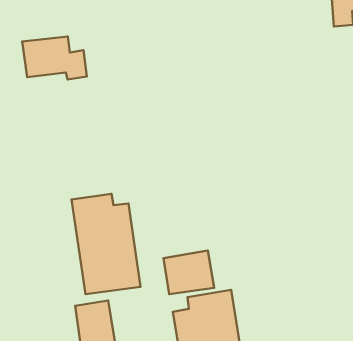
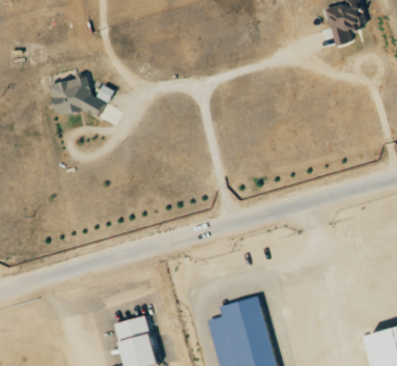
building: [71,194,140,294] -> none
building: [163,251,214,294] -> none

